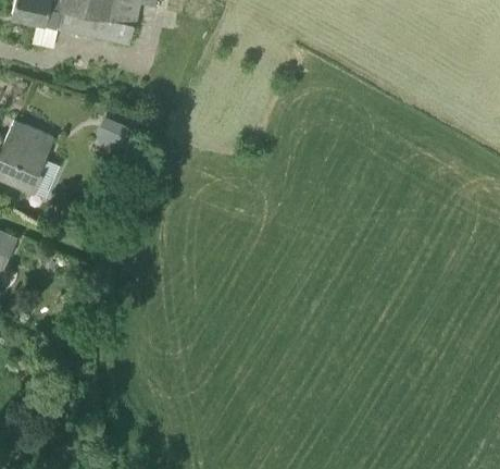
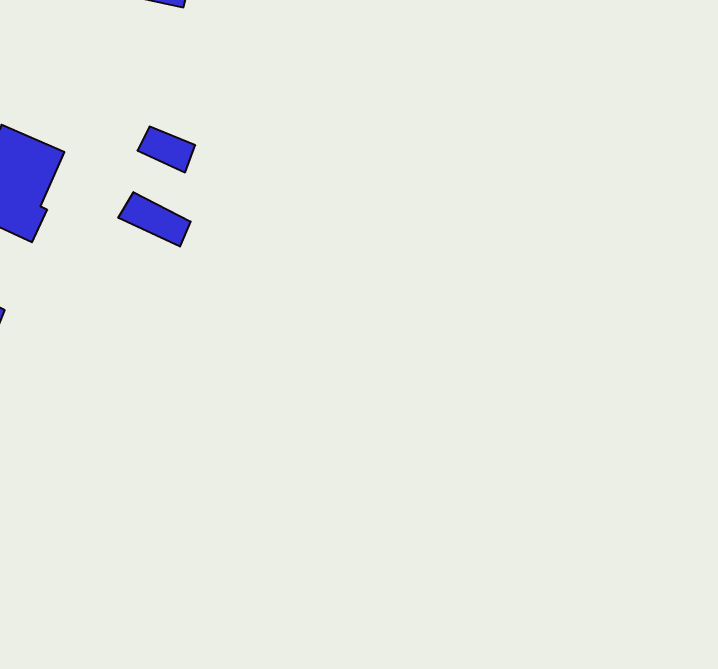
building: none -> [118,192,191,247]

